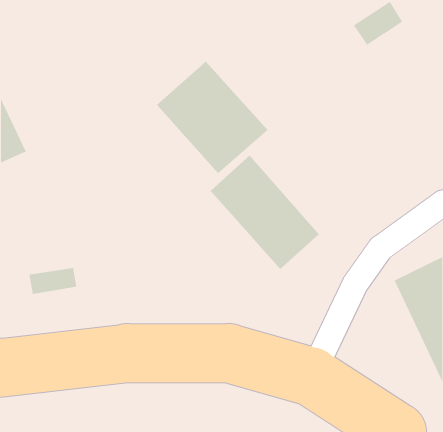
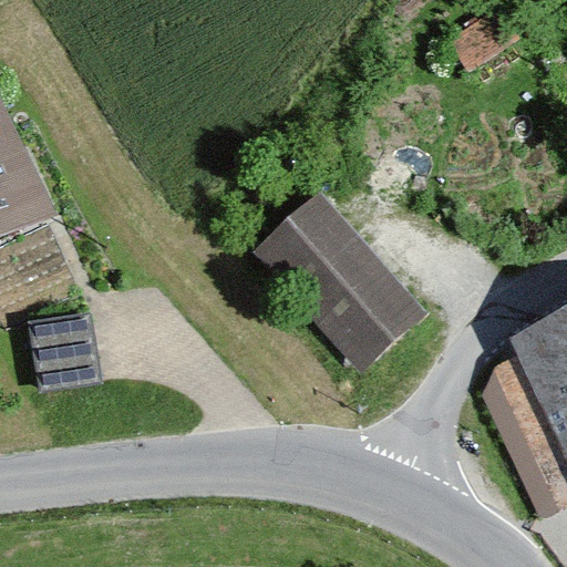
building: [156,61,268,174] -> none

